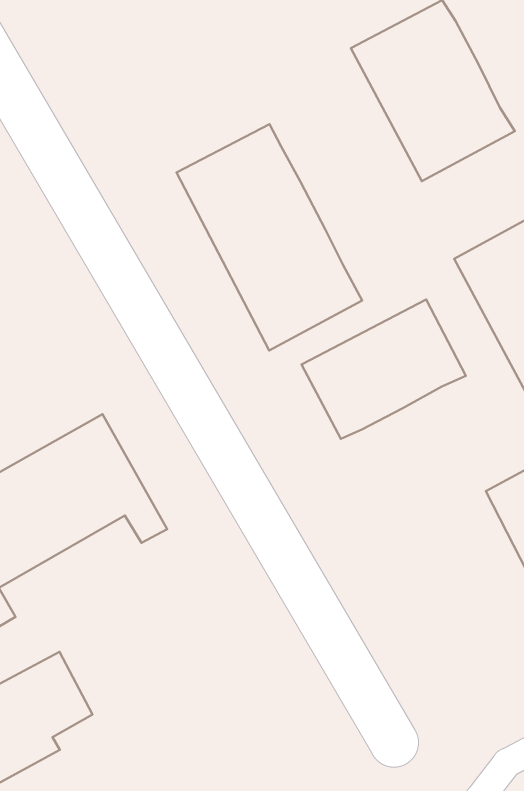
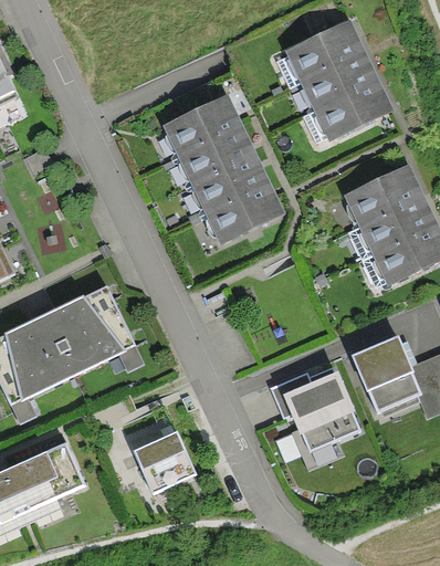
building: [301,299,466,439] -> none
building: none -> [272,370,366,469]
building: none -> [134,431,195,491]

